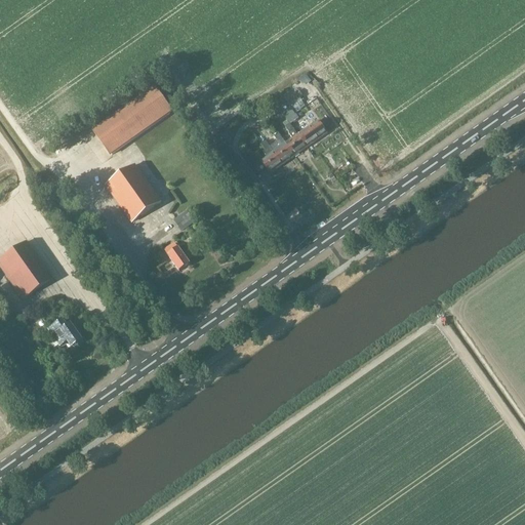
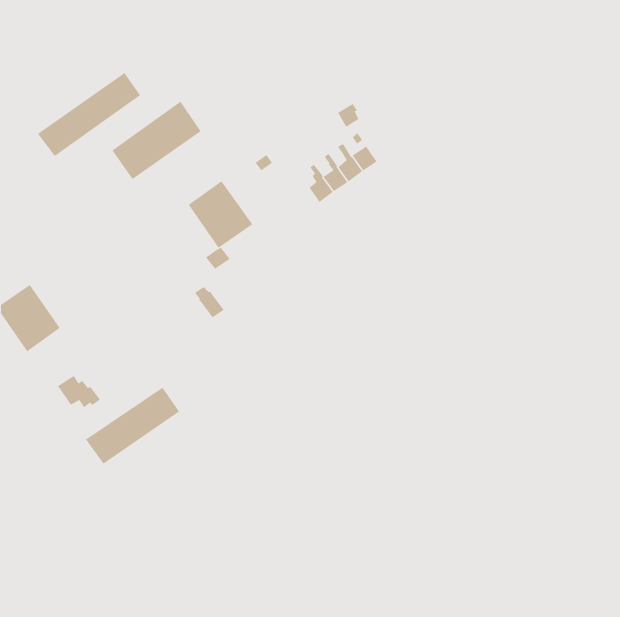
building: none -> [37,72,141,157]
building: [106,163,161,220] -> [188,180,253,248]
building: none -> [85,387,180,465]

